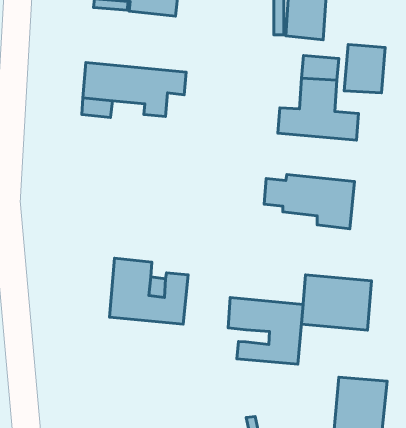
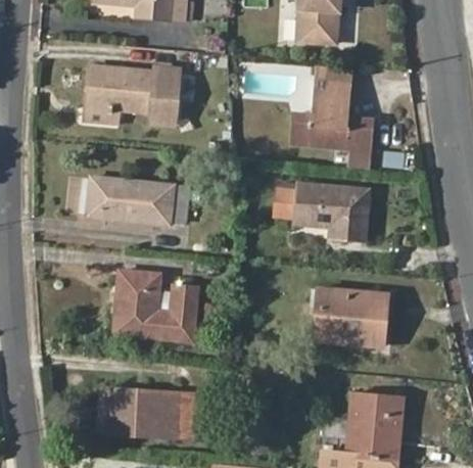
building: [344,45,385,93] -> none
building: none -> [90,178,188,224]
building: [228,297,303,364] -> none
building: none -> [106,388,197,438]

